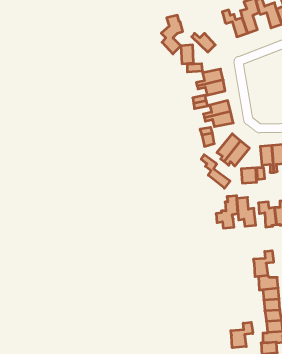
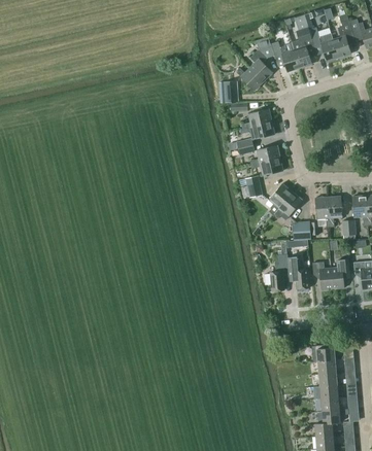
building: [161,15,183,54] -> [249,37,274,81]
building: [201,155,230,188] -> none
building: [254,251,274,277] -> none
building: [231,322,253,348] -> none

